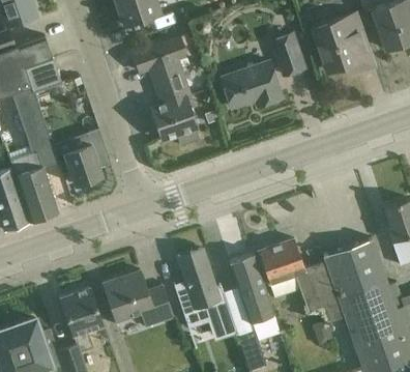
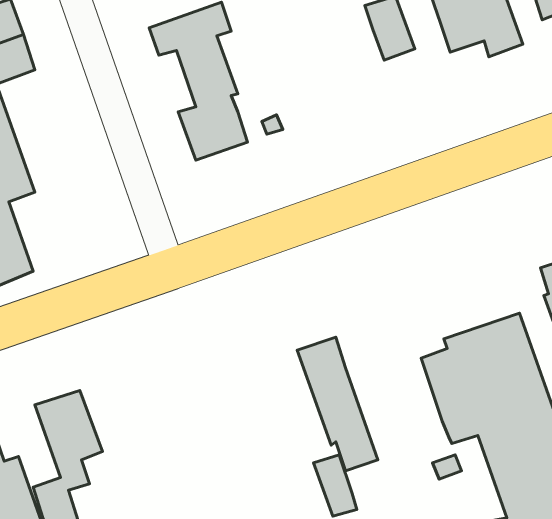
building: [221,62,282,108] -> none
building: [63,128,110,184] -> none
building: [258,239,321,312] -> none
building: [174,250,236,342] -> none
building: [101,270,172,328] -> none

